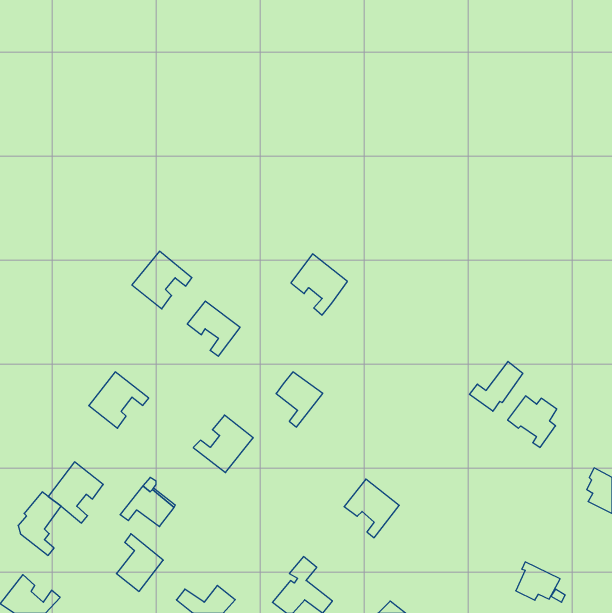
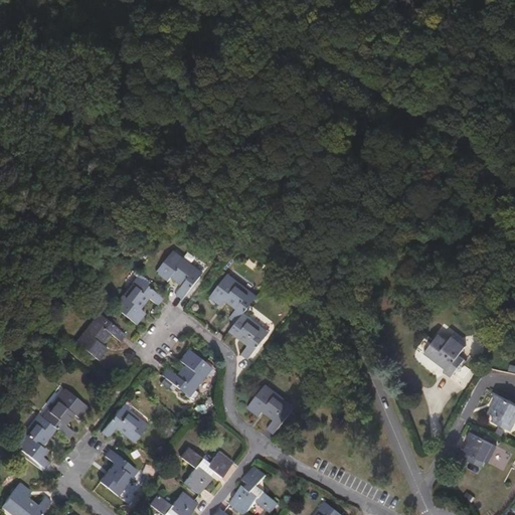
building: [132,251,192,309] -> [112,276,162,324]
building: [291,254,347,315] -> [211,271,259,322]
building: [470,361,523,411] -> none
building: [344,479,399,538] -> [248,383,295,433]
building: none -> [179,447,231,493]
building: [516,562,560,600] -> [461,431,498,463]

